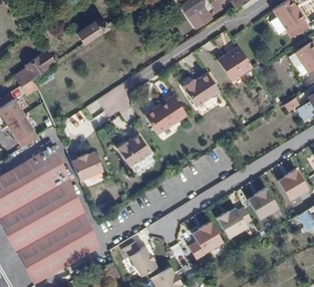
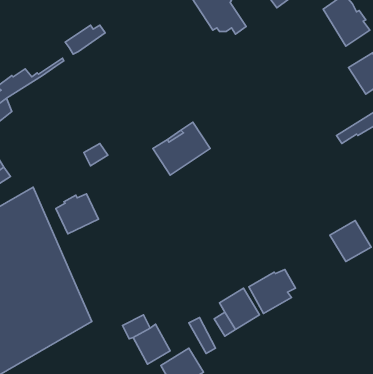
building: [217,46,253,81] -> none
building: [183,73,221,107] -> none
building: [118,136,152,168] -> none
building: [247,187,279,220] -> none

